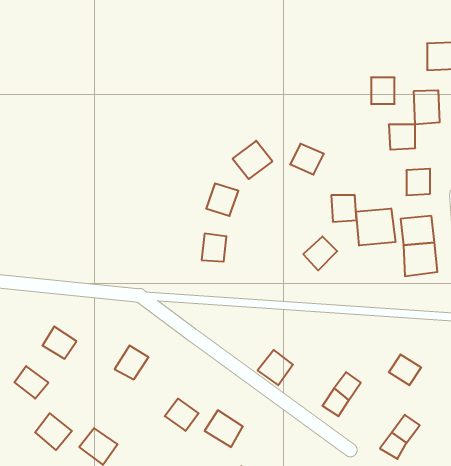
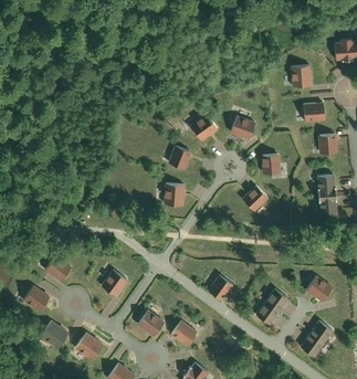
building: [414,90,440,125] -> none
building: [356,208,395,246] -> none

